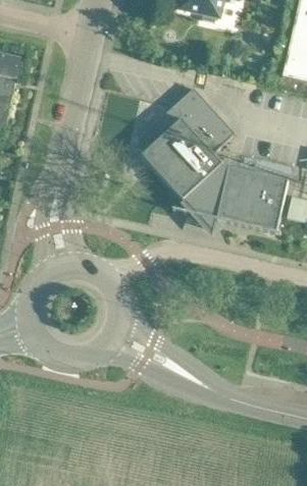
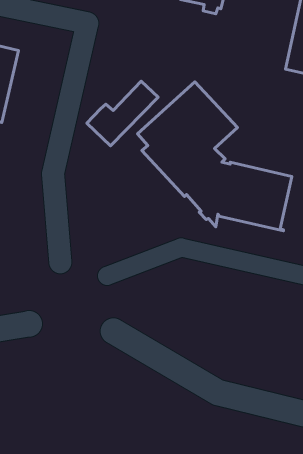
building: none -> [87,81,158,146]

